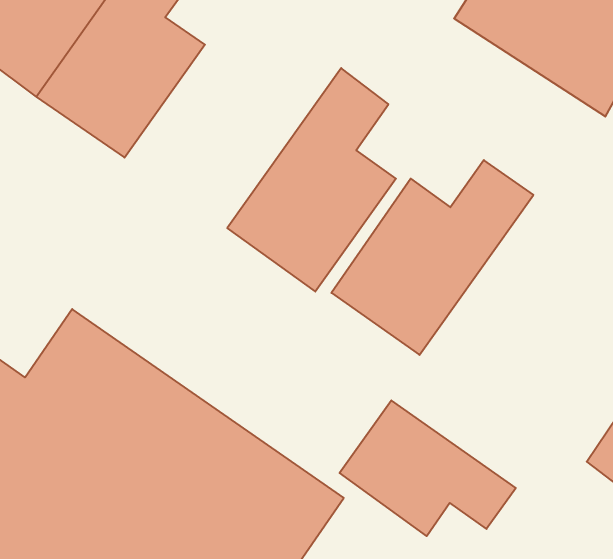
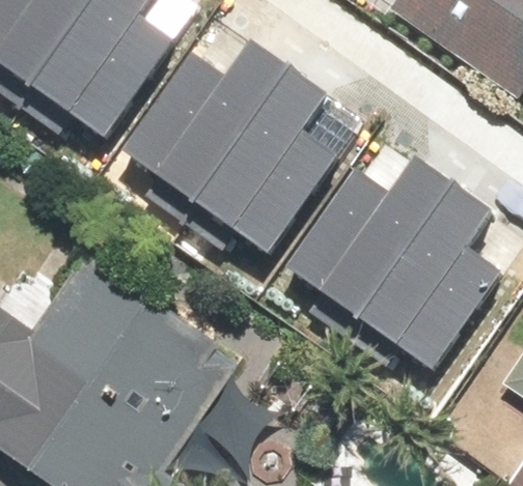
building: none -> [123,35,293,198]
building: none -> [358,170,498,358]
building: [340,400,516,536] -> none

